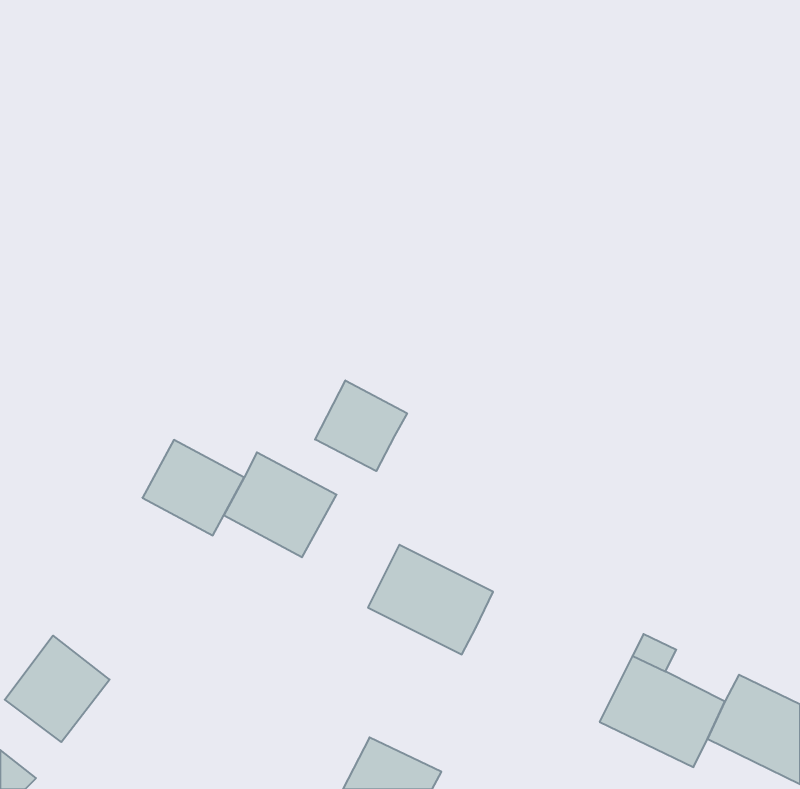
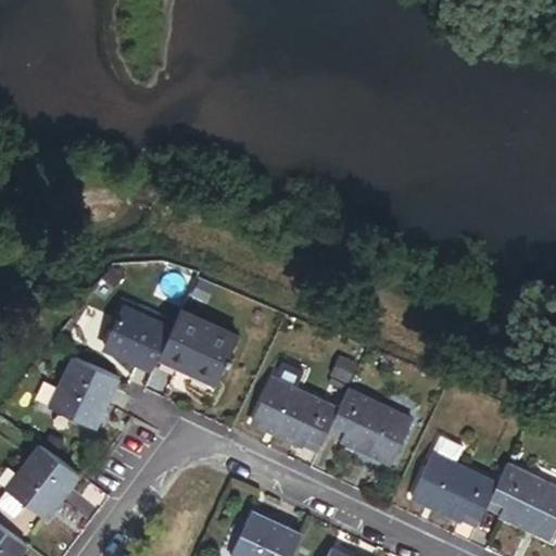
building: [315,380,407,471] -> none
building: none -> [46,354,109,421]
building: none -> [330,391,418,468]

